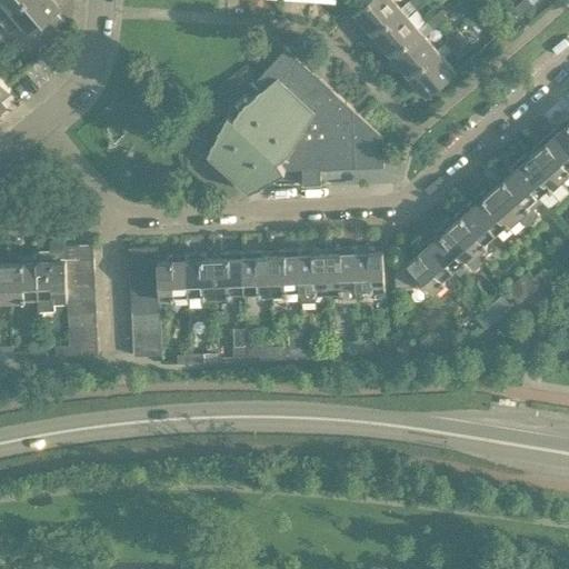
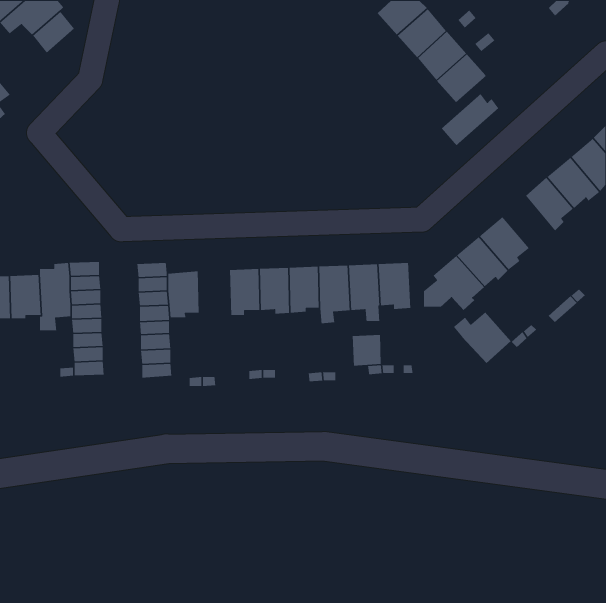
building: [206,51,382,194] -> none
building: none -> [441,93,499,146]
building: [470,187,519,236] -> none
building: [186,256,216,300] -> none
building: none -> [453,312,512,364]
building: none -> [352,334,382,366]

